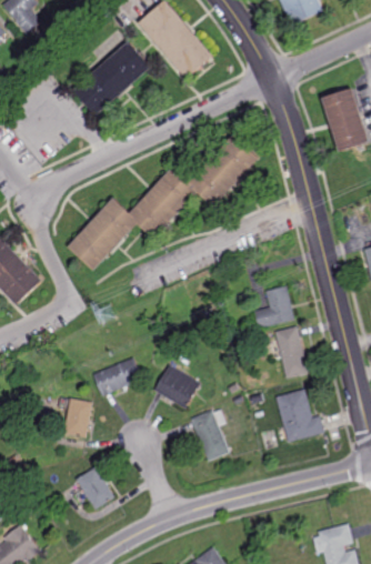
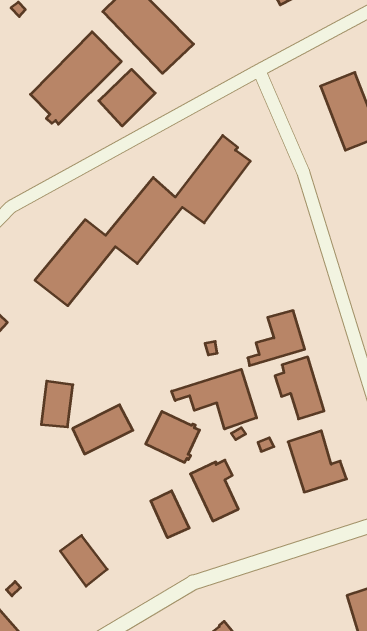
building: none -> [99,69,155,126]
building: none -> [172,369,257,429]
building: [63,399,92,439] -> [41,381,73,427]
building: none -> [151,491,189,538]

